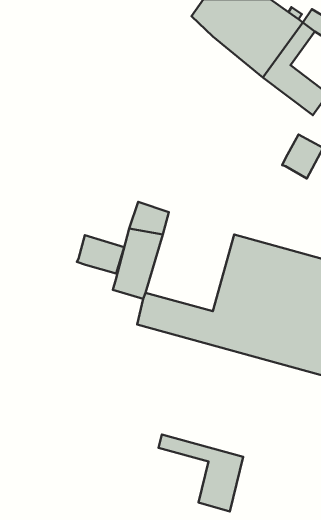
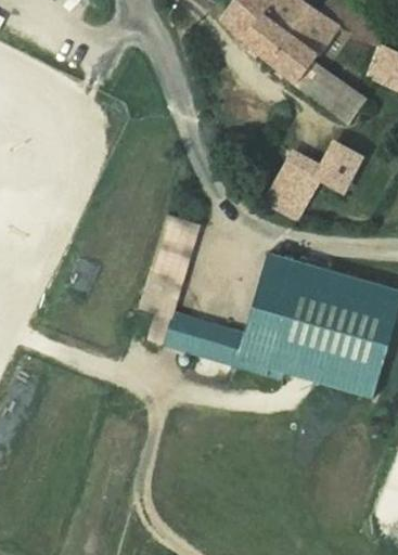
building: none -> [262,153,320,221]
building: [77,235,124,274] -> none
building: [158,434,243,511] -> none

